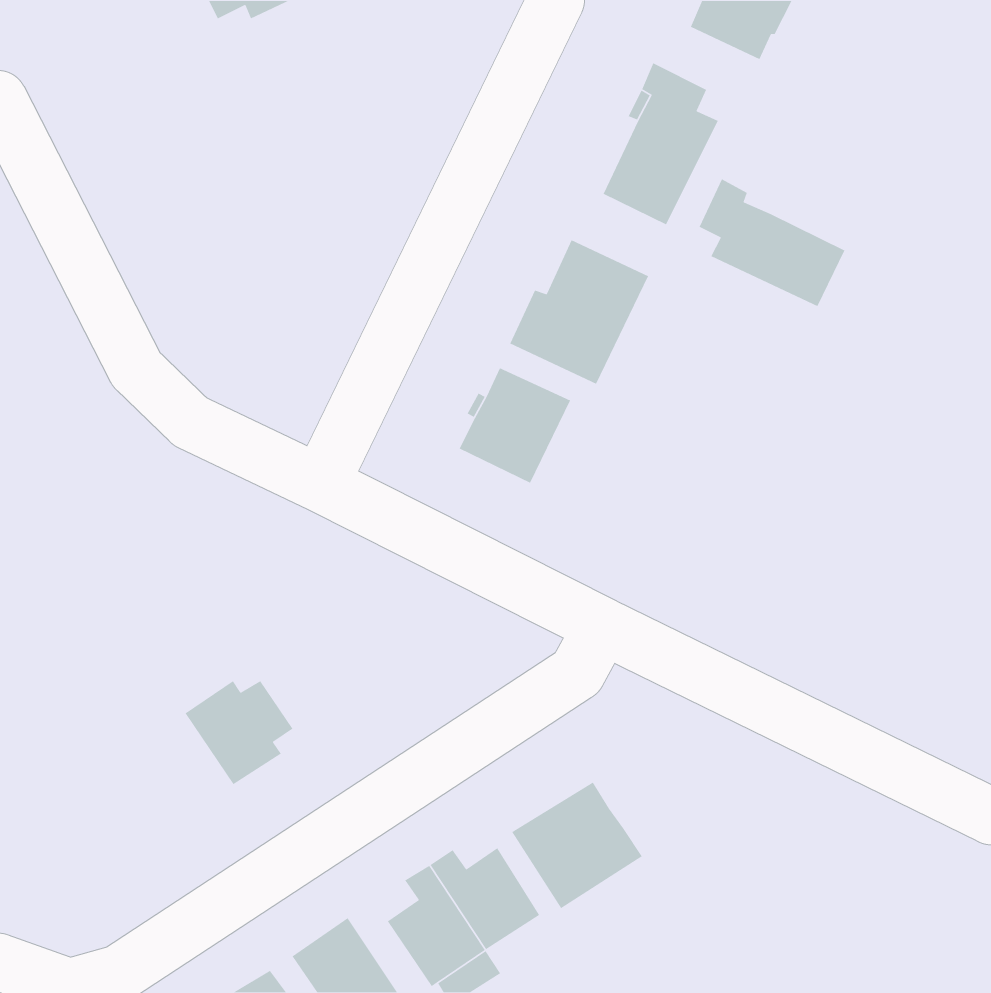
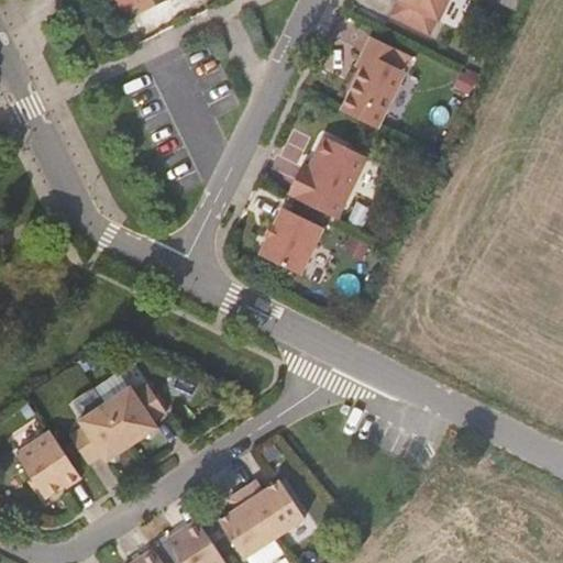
building: [699,178,845,307] -> none
building: none -> [70,404,132,464]
building: none -> [15,431,81,497]
building: [511,781,643,909] -> none

